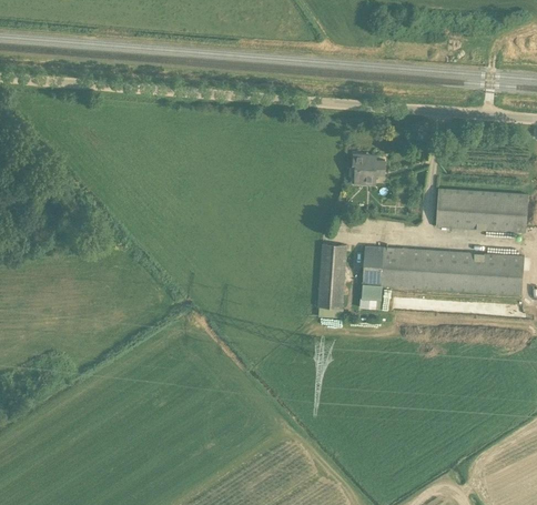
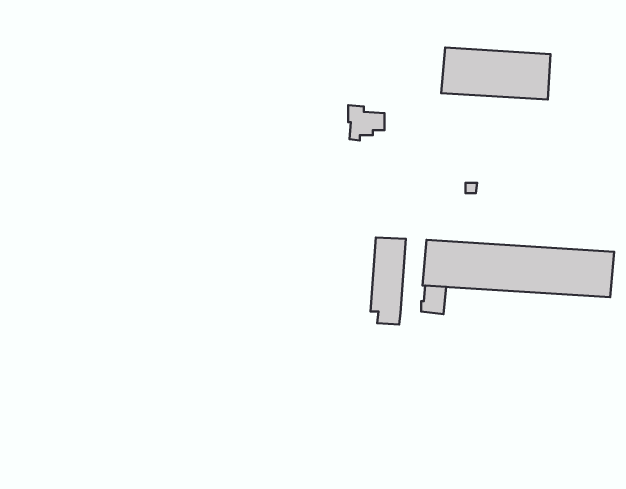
building: [354,153,385,183] -> [348,105,385,140]
building: [435,188,528,232] -> [441,48,551,100]

